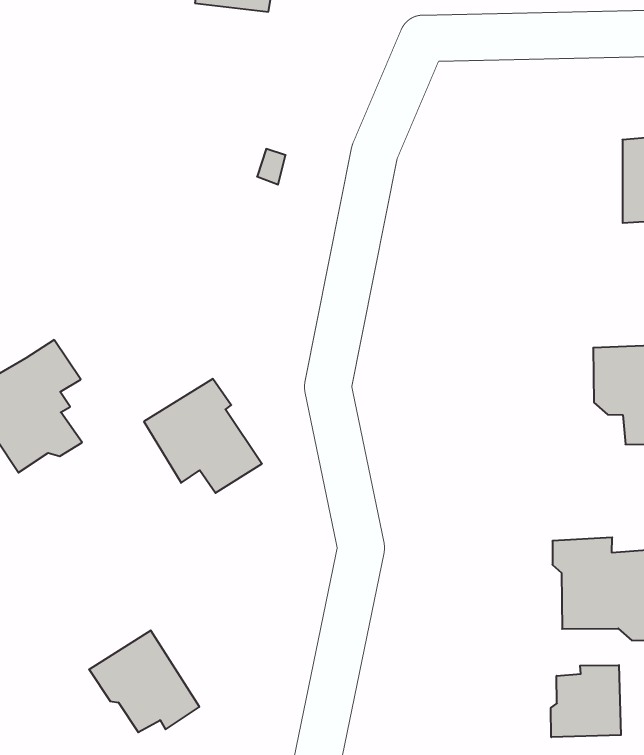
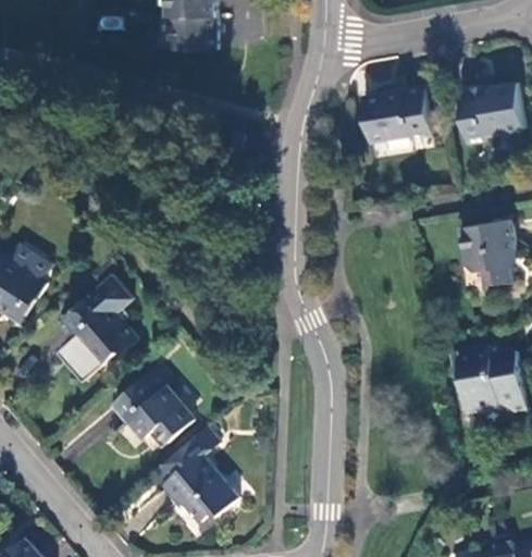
building: none -> [359,91,429,144]
building: [144,379,262,493] -> [114,367,194,440]
building: [551,665,621,737] -> none

